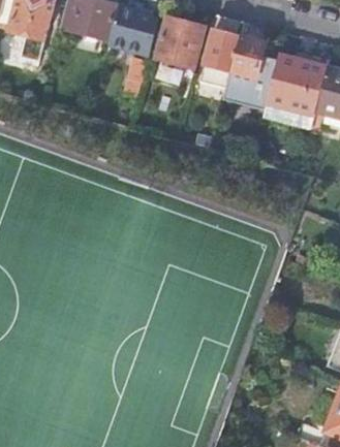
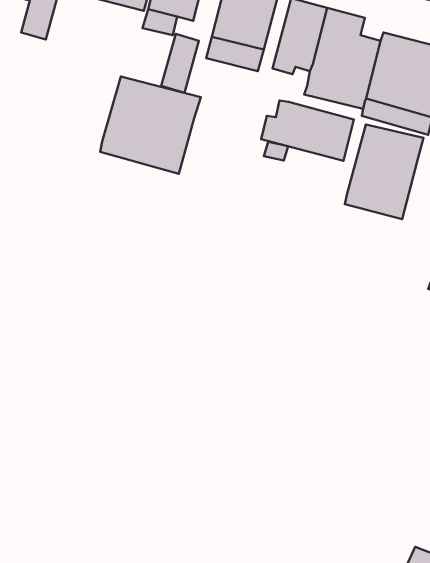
building: none -> [100,77,201,174]
building: none -> [261,100,354,161]
building: none -> [345,125,424,219]

